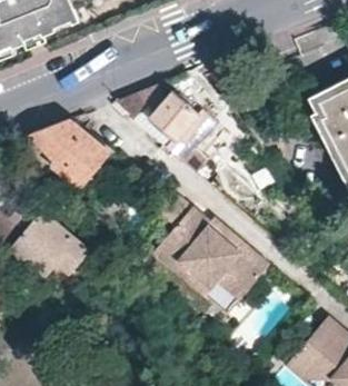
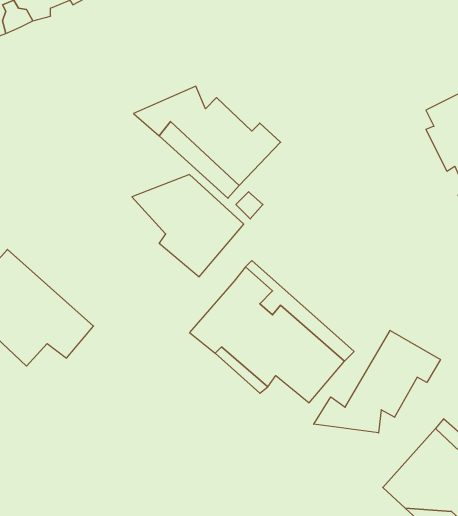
building: [31,119,109,190] -> [132,175,244,277]
building: none -> [314,330,440,433]

